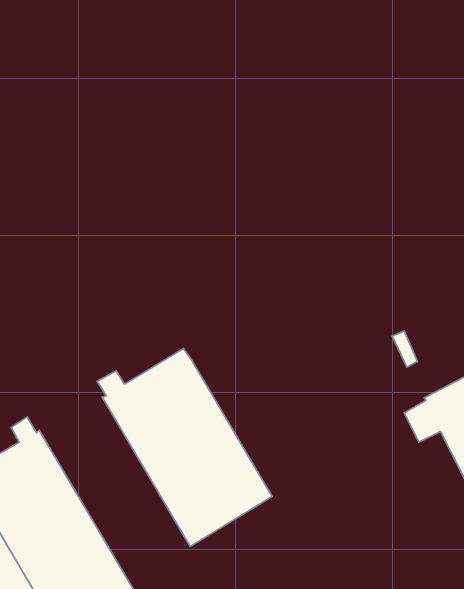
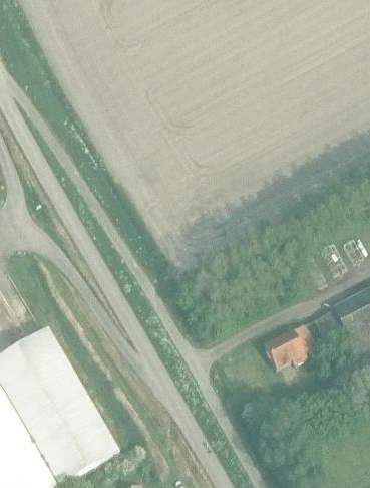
building: [97,348,272,546] -> none
building: none -> [266,323,316,365]

